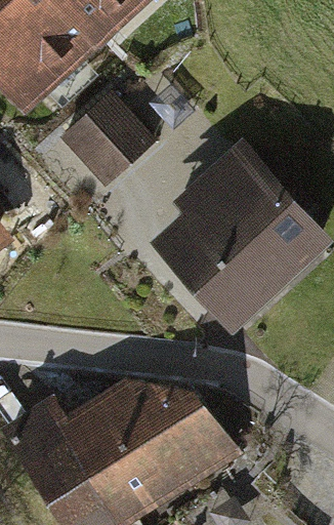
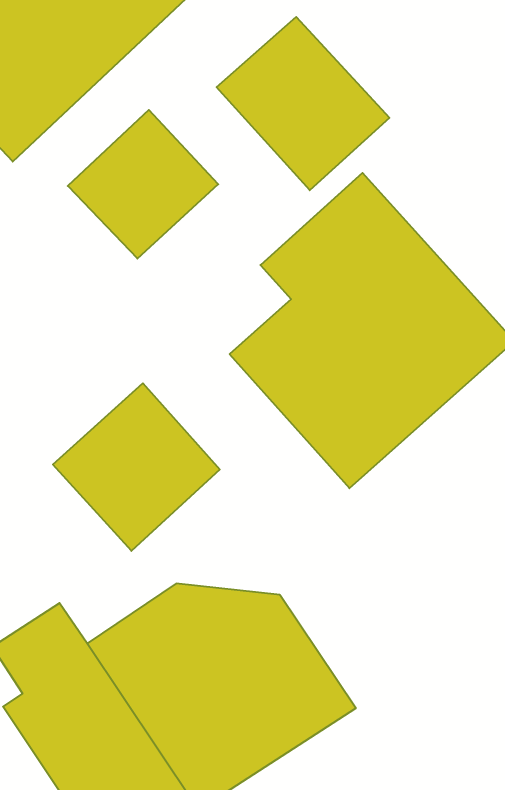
building: none -> [217,17,389,190]
building: none -> [53,383,220,551]

